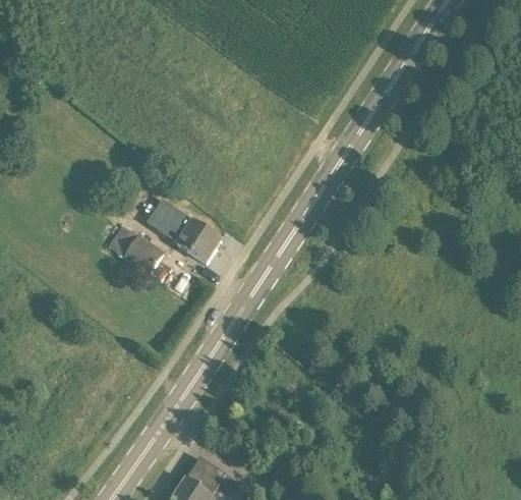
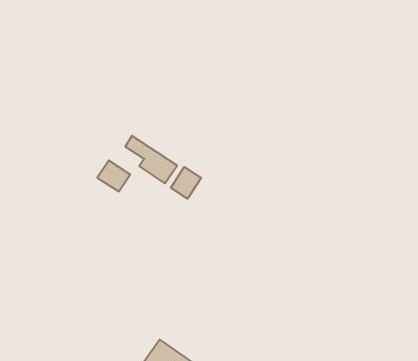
building: none -> [171,167,201,199]

